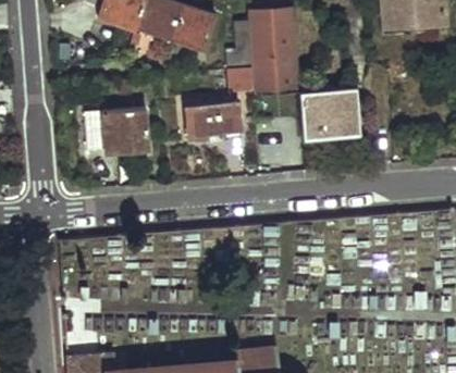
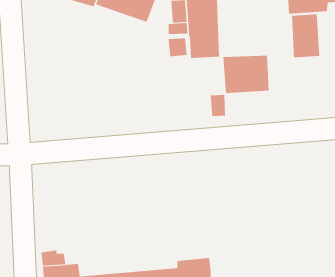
building: none -> [292,13,320,58]
building: [186,103,238,141] -> none
building: [83,109,148,153] -> none

